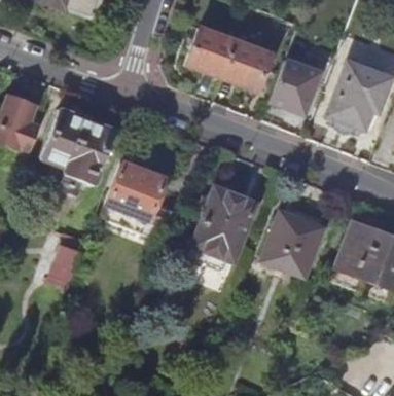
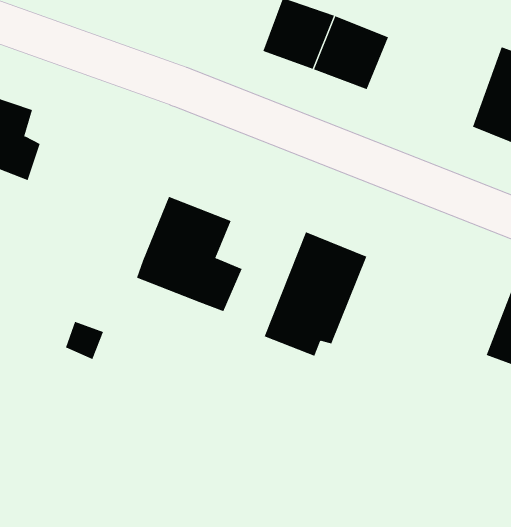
building: [270,60,325,114] -> none
building: [39,109,114,186] -> none
building: [261,210,322,276] -> none

